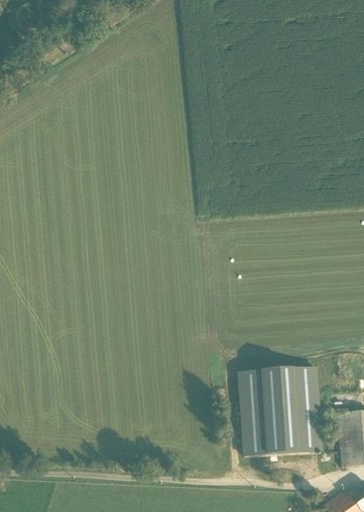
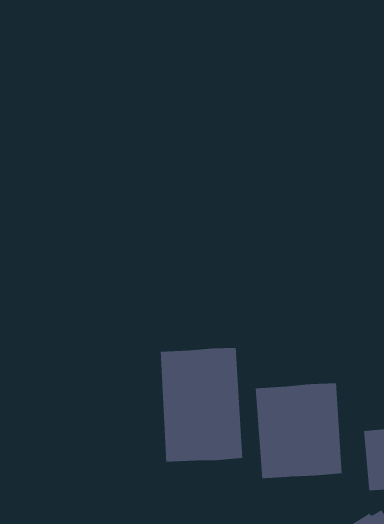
building: none -> [160,347,243,463]

